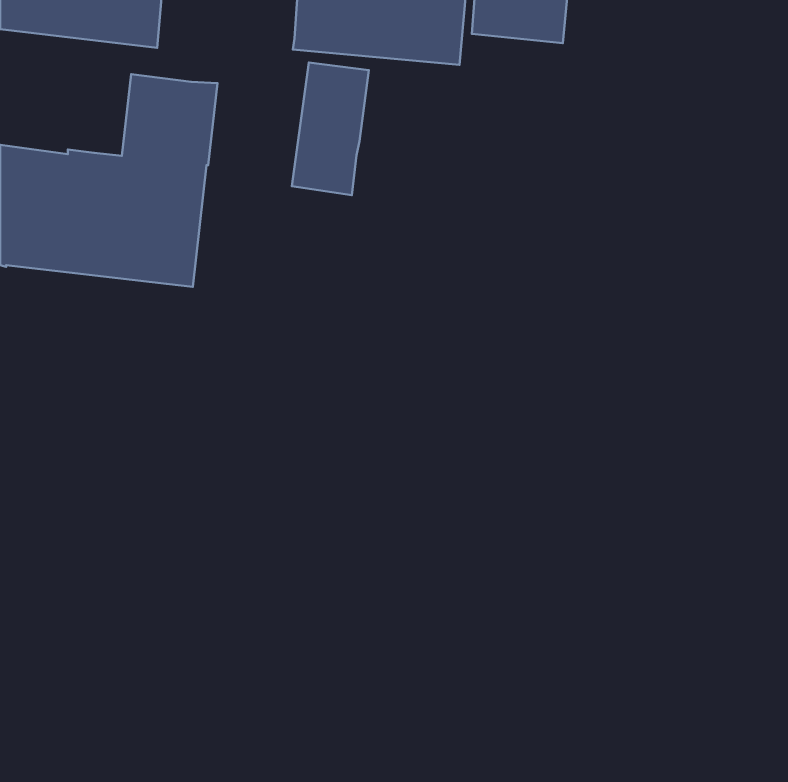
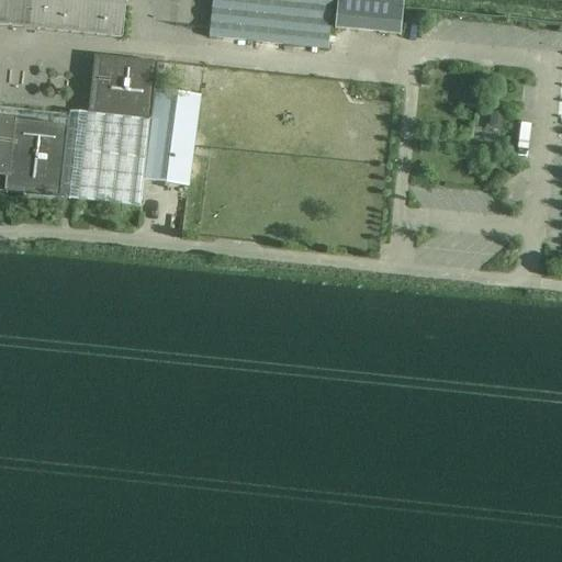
building: [292,63,369,195] -> [145,88,200,182]

